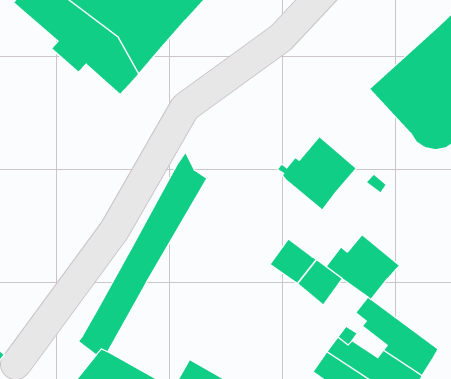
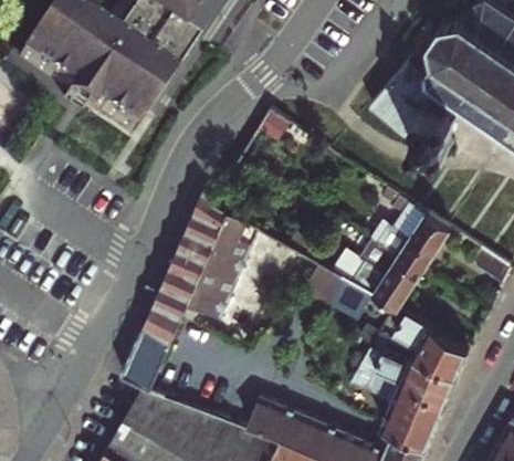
building: [277,136,356,210] -> [374,200,450,271]
building: none -> [180,210,259,328]

